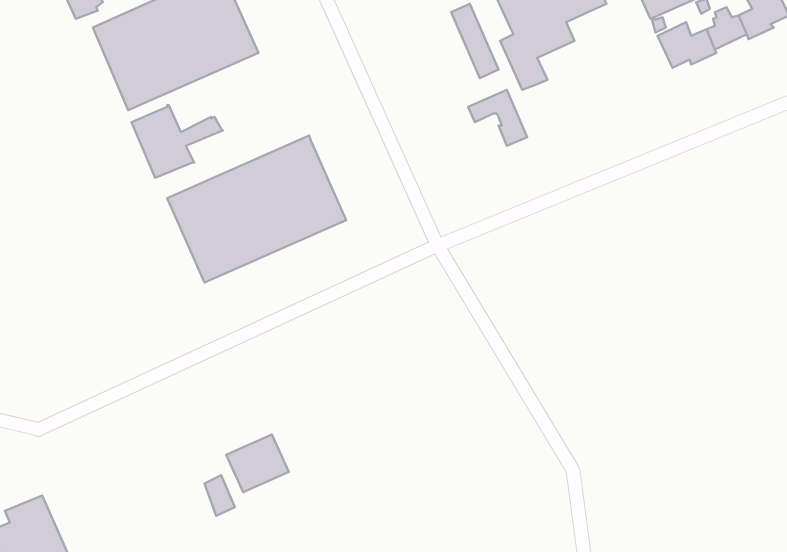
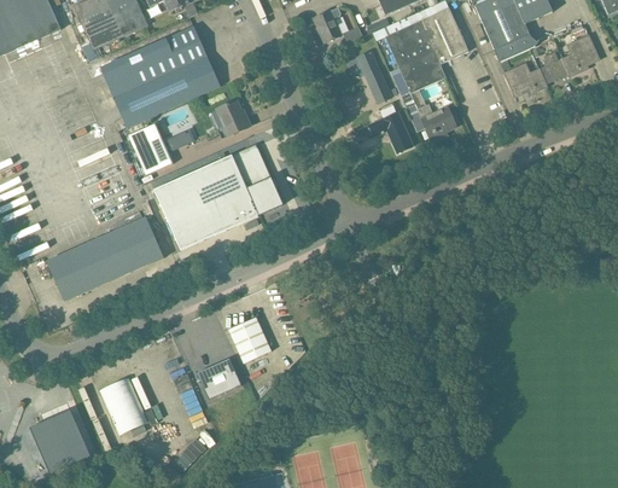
building: none -> [217,99,249,134]
building: none -> [408,103,461,136]
building: none -> [46,216,163,300]
building: none -> [228,316,272,362]
building: none -> [100,377,148,435]

